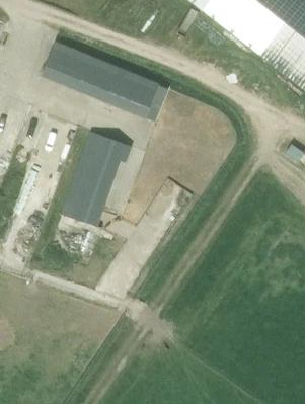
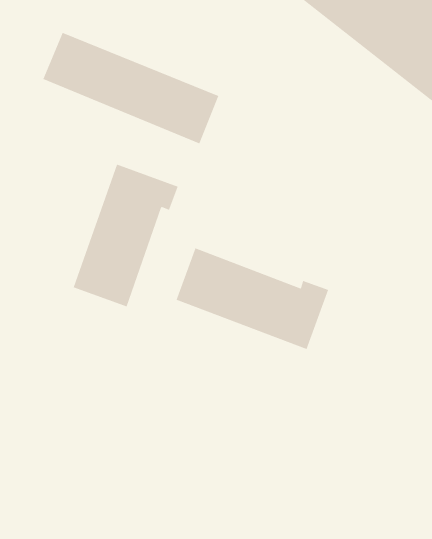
building: none -> [176,248,329,350]

